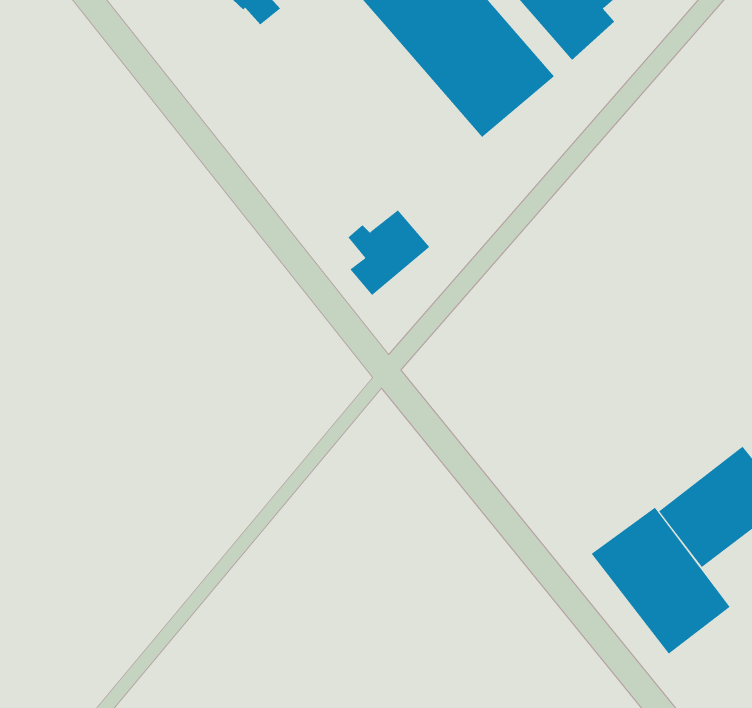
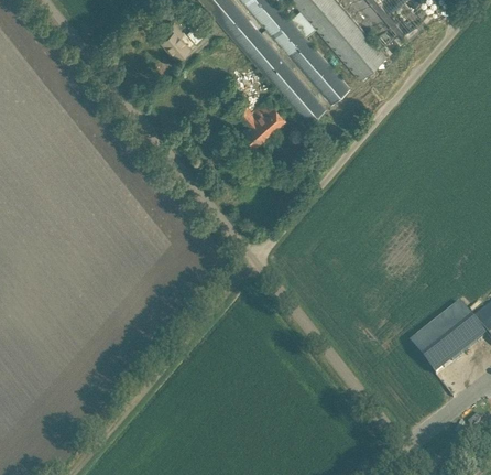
building: [347,209,430,296] -> [236,95,284,145]
building: [591,507,731,654] -> none

